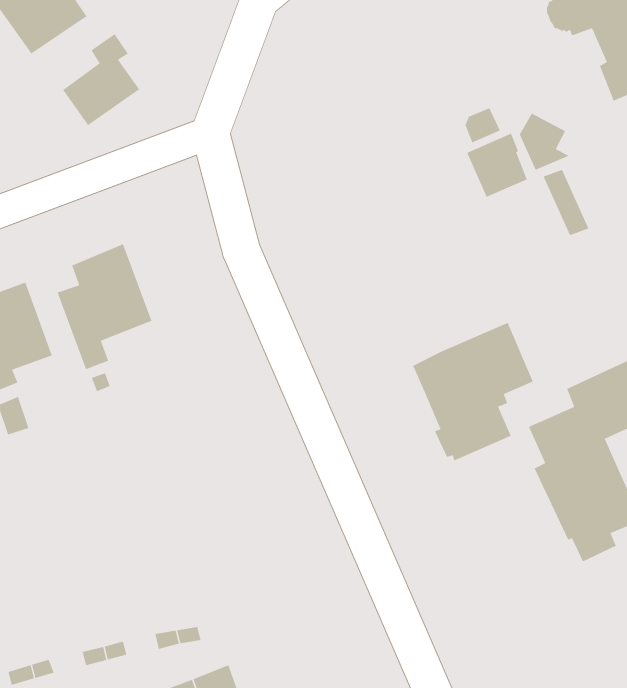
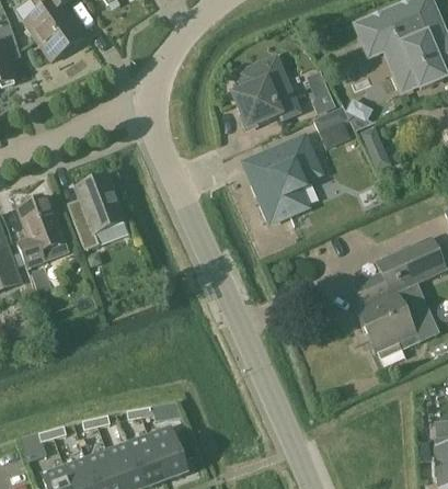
building: [62,33,140,126] -> none
building: none -> [229,56,299,127]
building: [412,322,534,462] -> [245,136,319,220]

